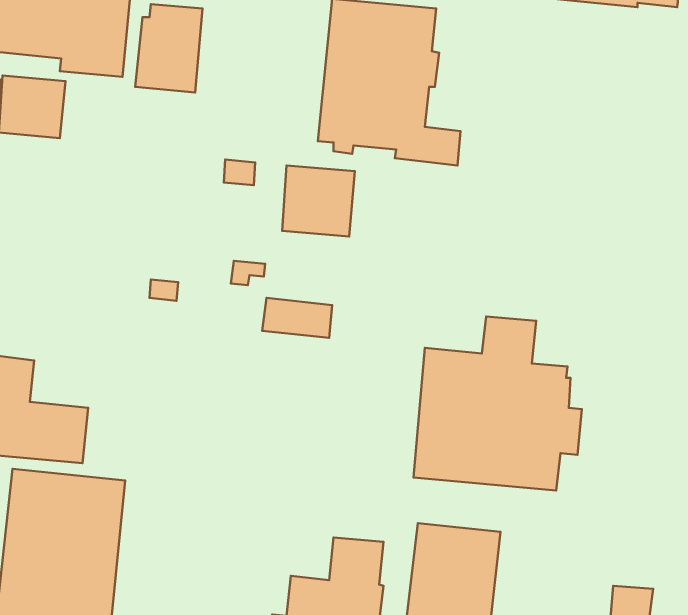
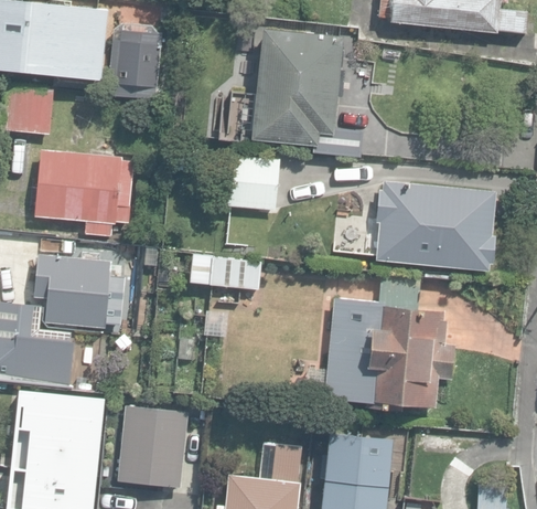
building: none -> [35,148,133,233]
building: none -> [375,180,494,268]
building: none -> [33,252,123,327]
building: none -> [118,406,189,489]

